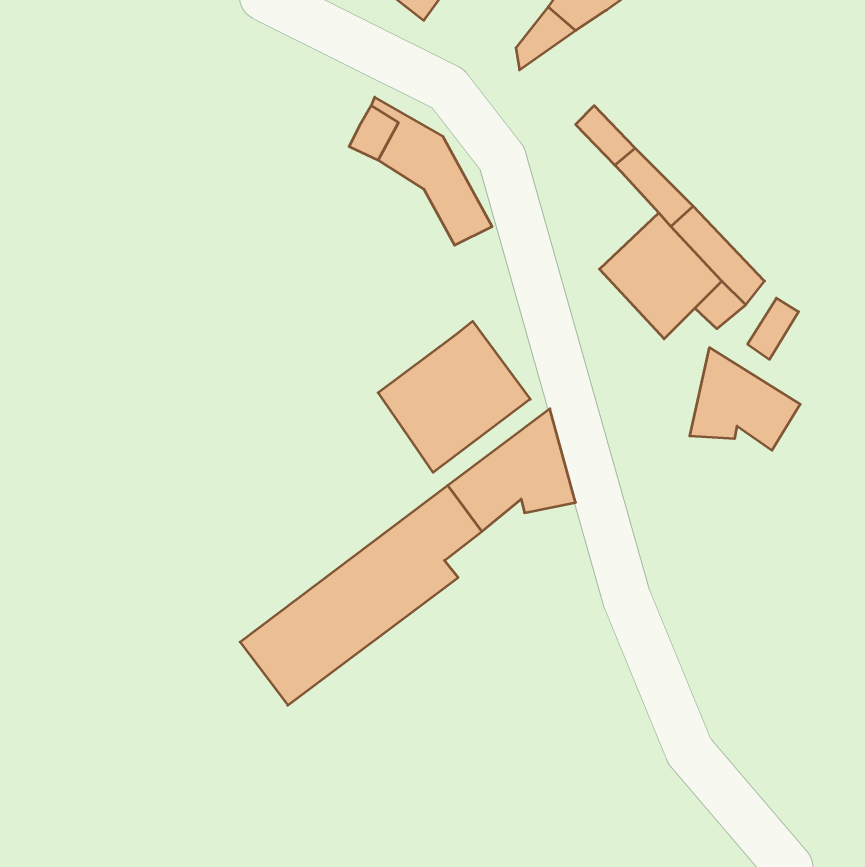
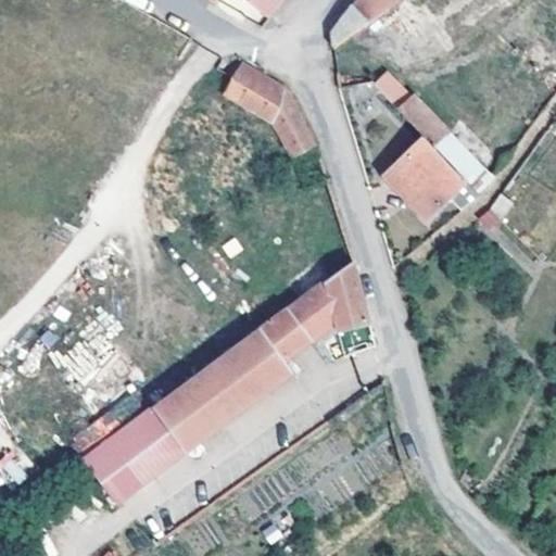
building: [378,321,530,472] -> none
building: [690,348,800,450] -> none
building: none -> [88,409,184,497]

